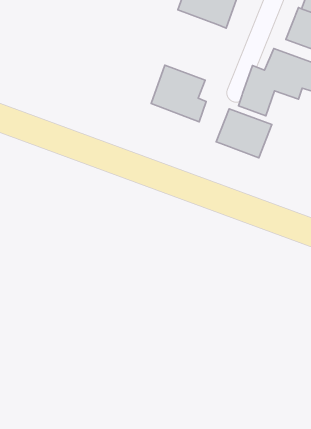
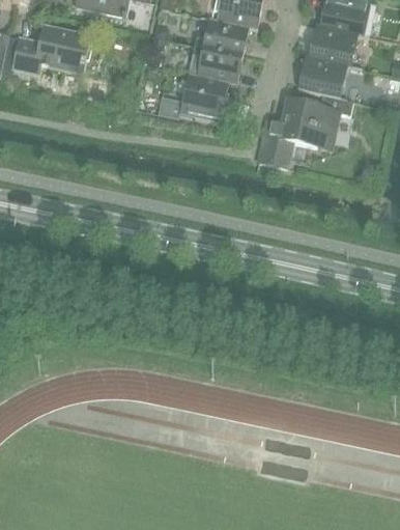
building: [151,65,206,122] -> [178,74,232,124]
building: [216,109,272,158] -> none

